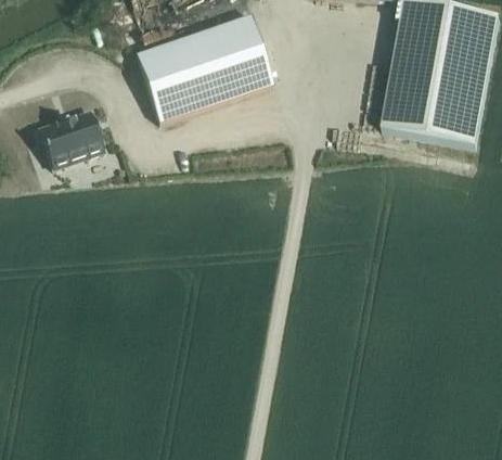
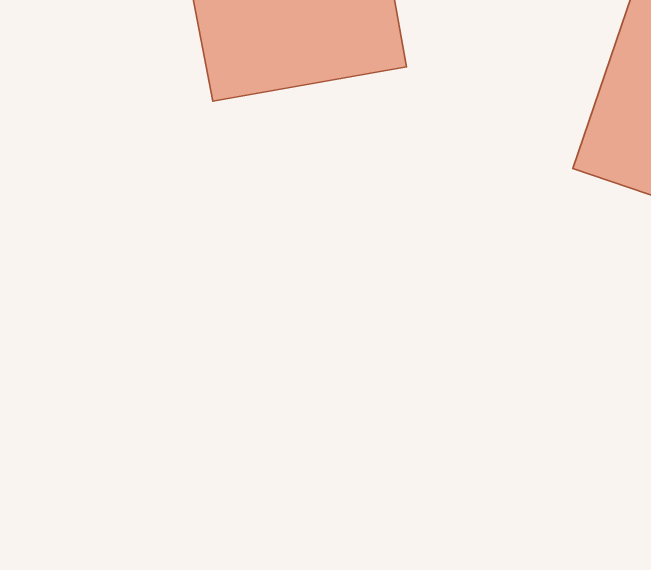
building: [38,111,103,166] -> none

